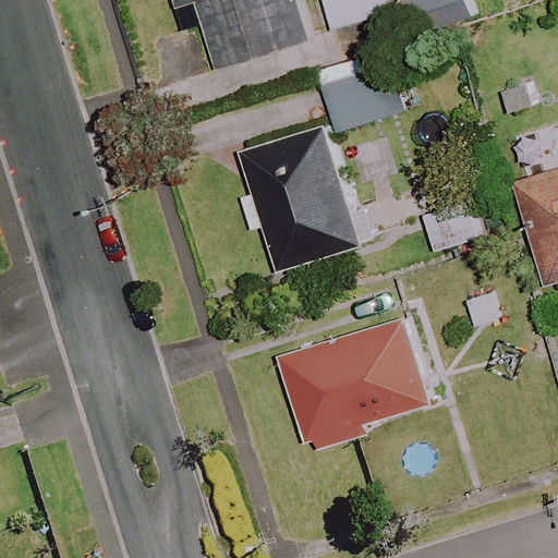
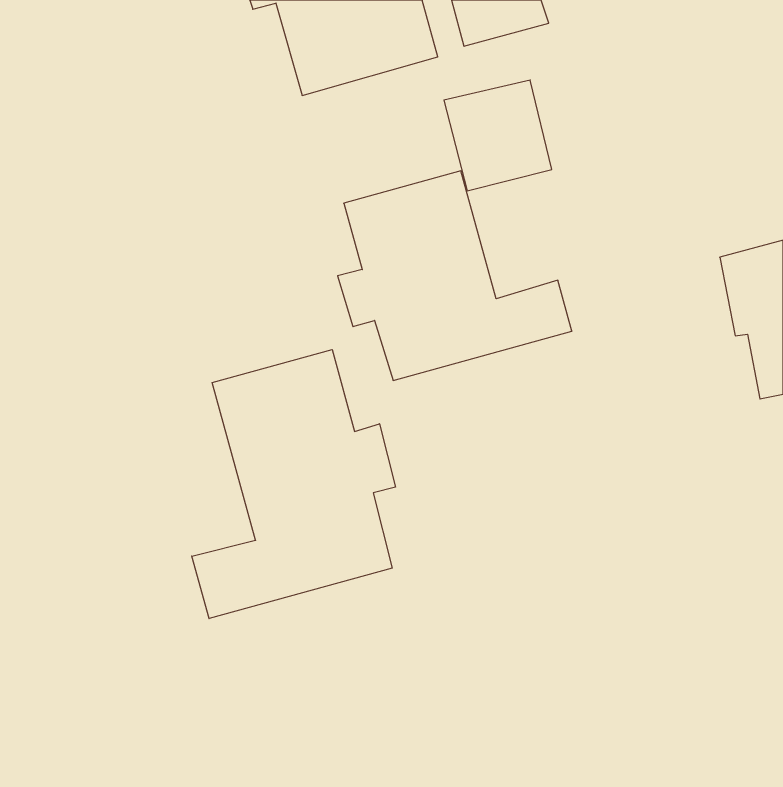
building: none -> [192,350,395,619]
building: [281,316,433,454] -> none

